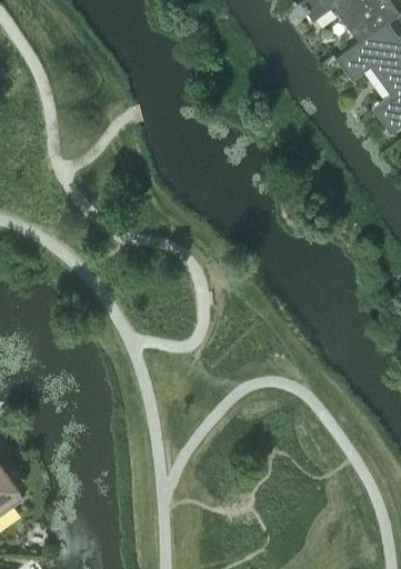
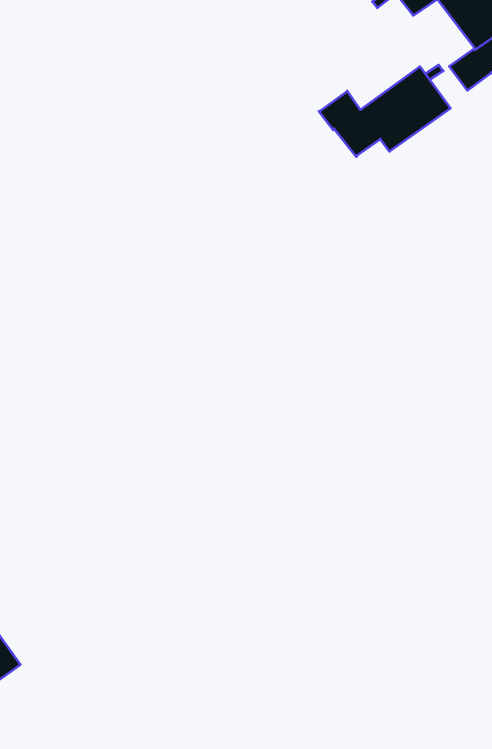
building: none -> [319,67,450,157]

